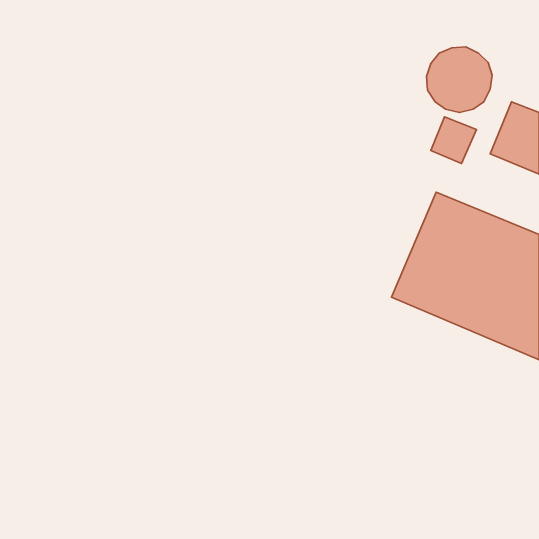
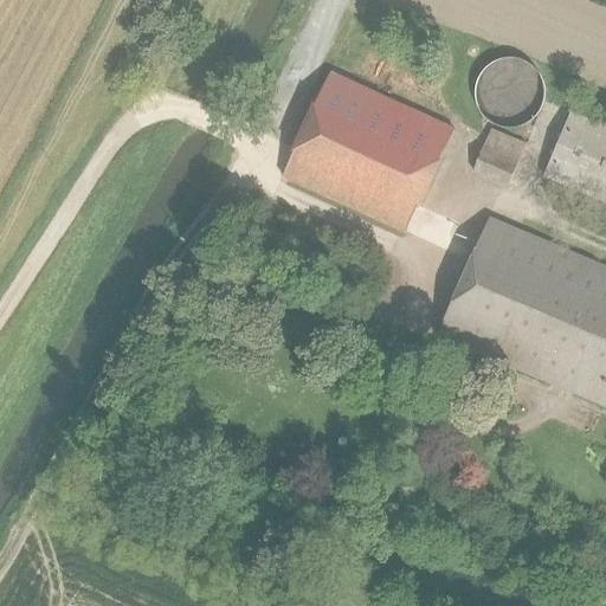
building: none -> [285,73,452,227]

